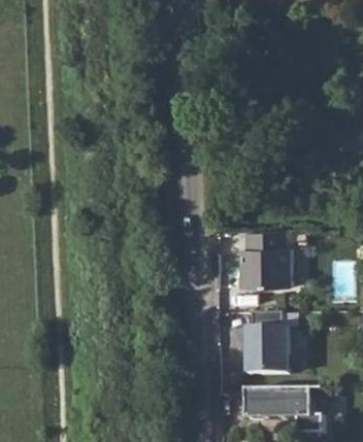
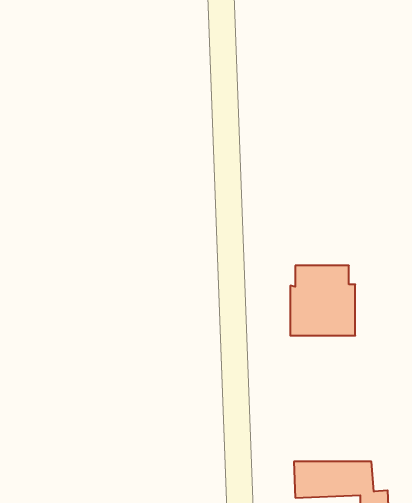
building: [243,307,290,374] -> none

